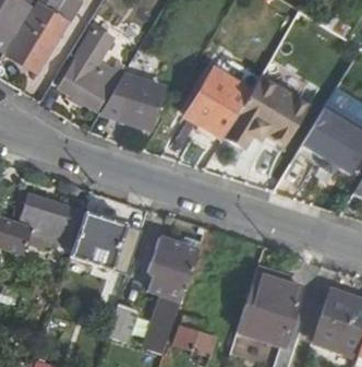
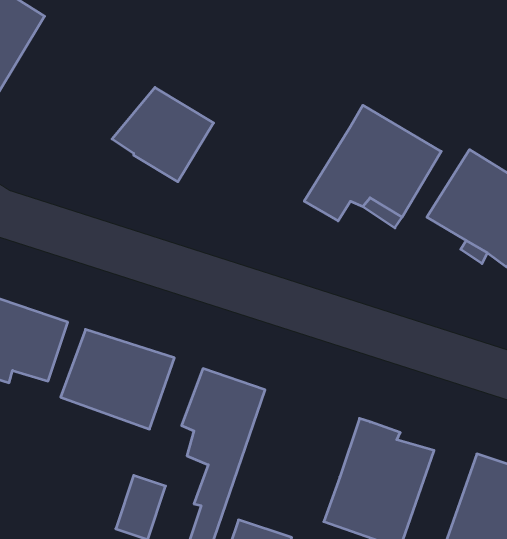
building: [55,25,122,109] -> none
building: [185,67,252,139] -> none

